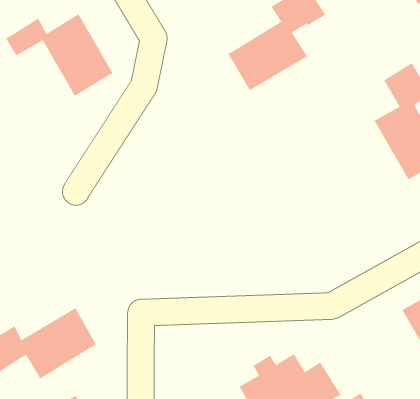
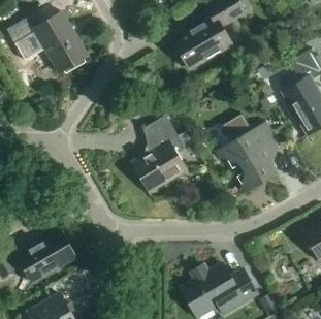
building: none -> [131,115,187,192]
building: none -> [216,115,280,195]

